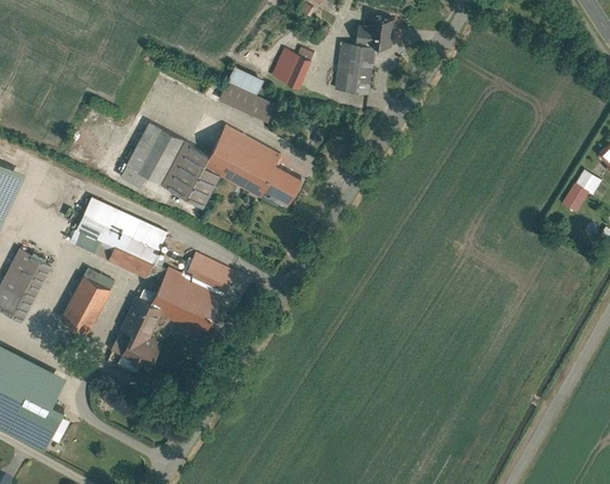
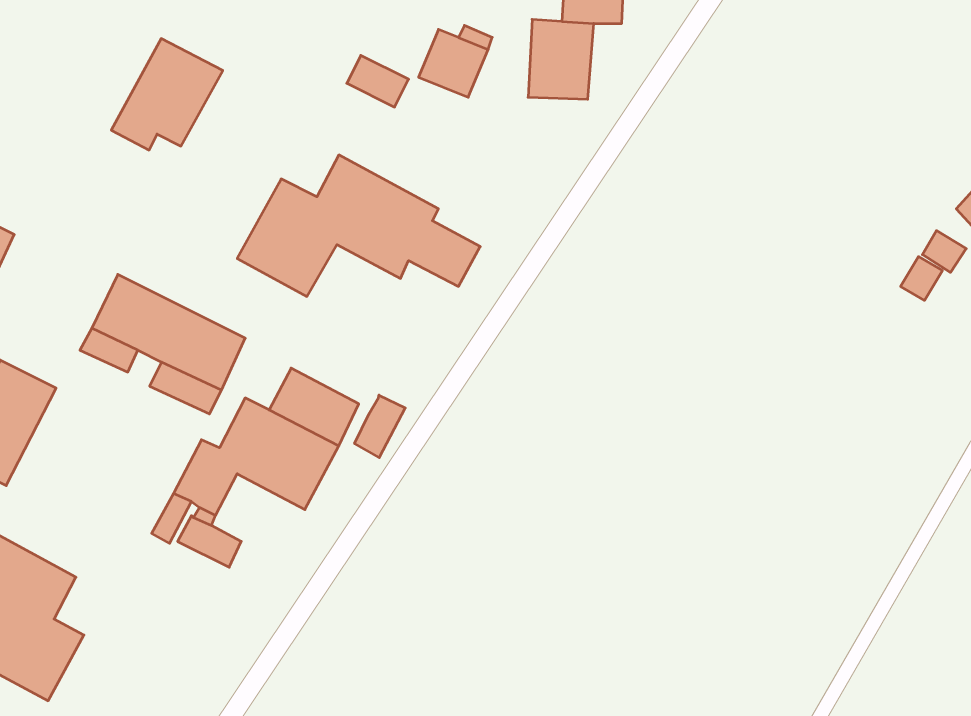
building: [217,81,274,124] -> none
building: [119,122,186,188] -> [111,39,223,150]
building: none -> [355,395,405,458]
building: [63,275,112,333] -> none

